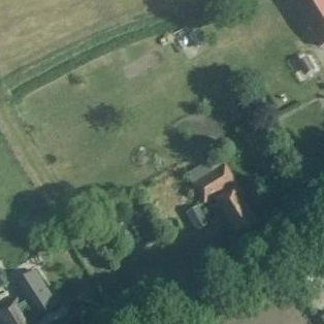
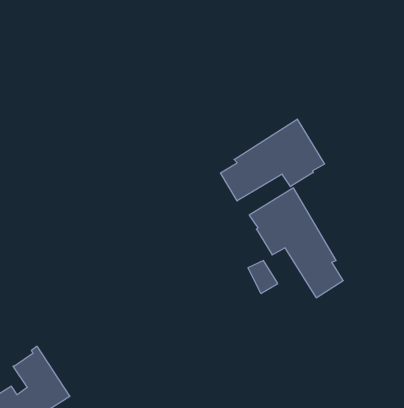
building: none -> [221,119,325,201]

